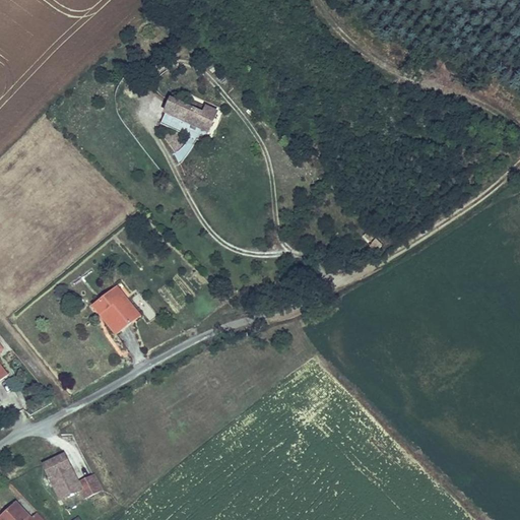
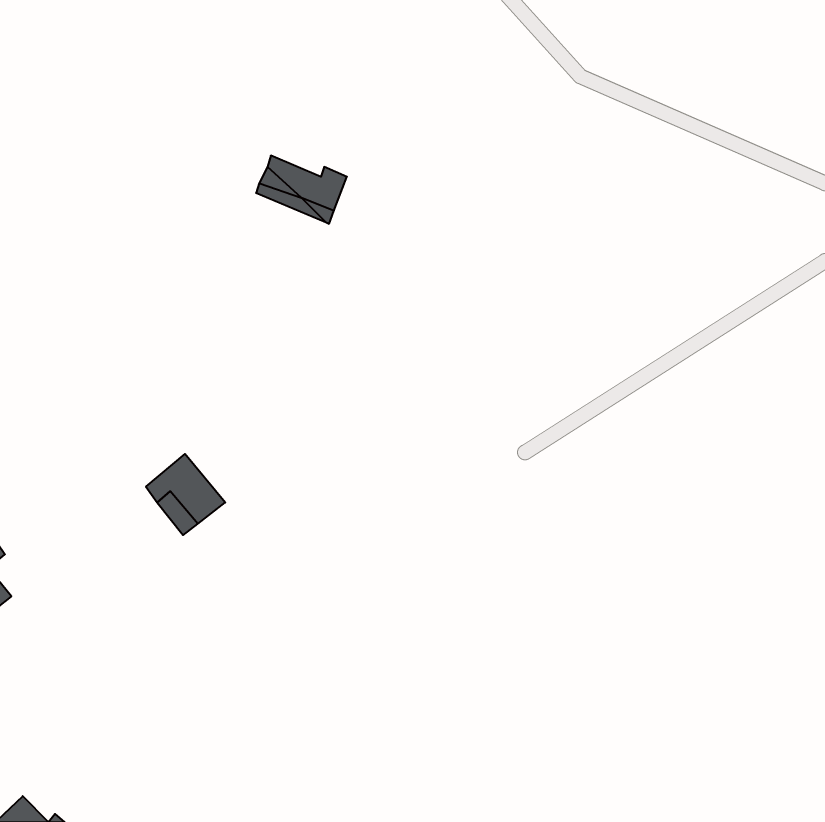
building: [39,451,103,501] -> none

